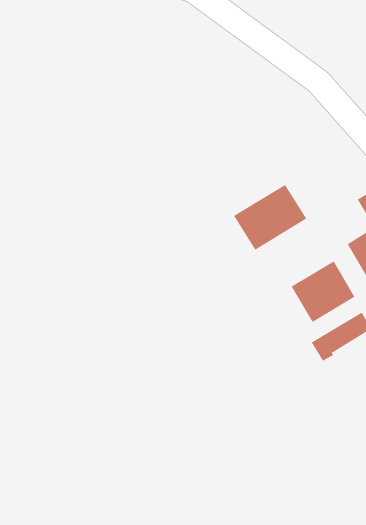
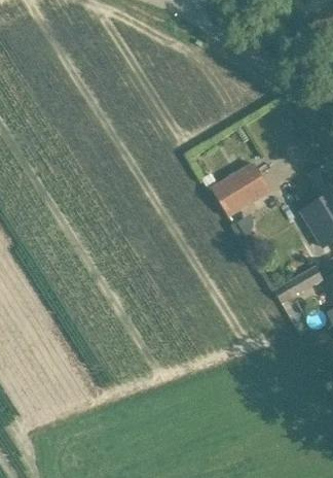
building: [291,260,355,323] -> none

